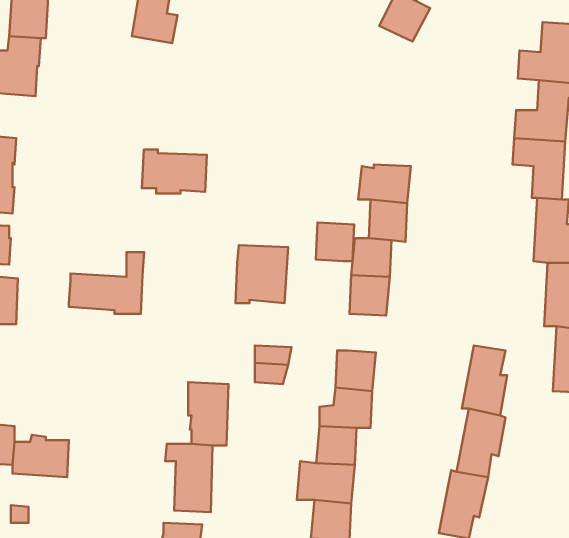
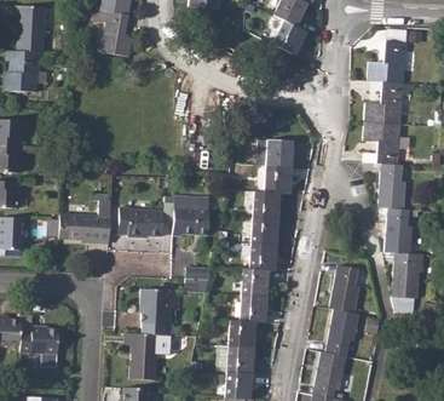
building: [142,150,207,194] -> [119,207,163,237]
building: [316,223,354,261] -> [250,242,277,269]

